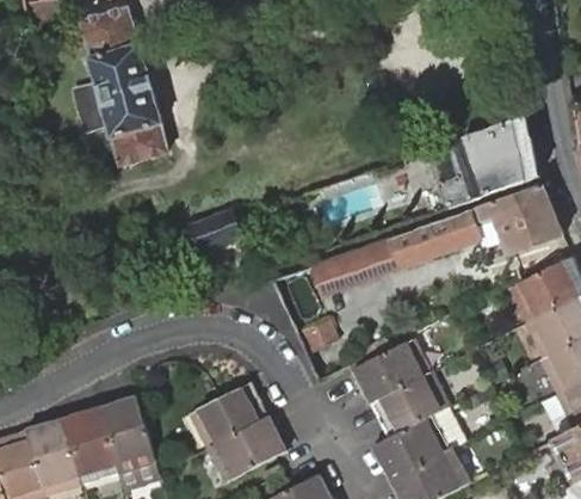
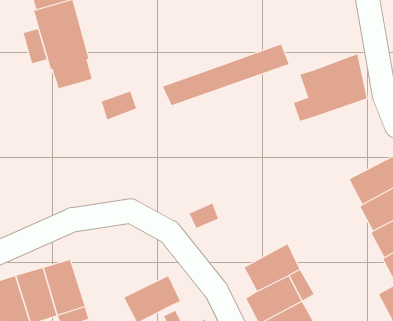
building: [476,185,563,255] -> none
building: [307,211,478,295] -> [162,44,290,106]
building: [191,214,240,253] -> [101,91,137,120]
building: [352,339,431,406] -> none
building: [192,383,270,446] -> none

